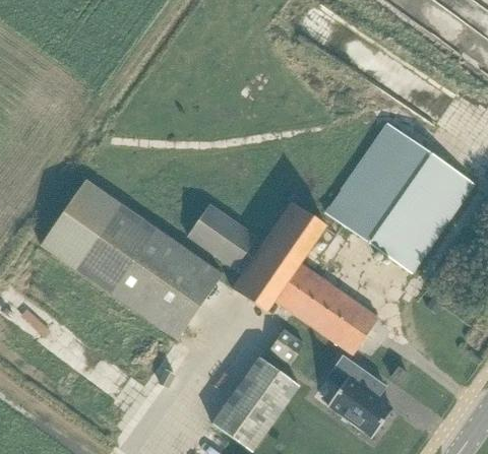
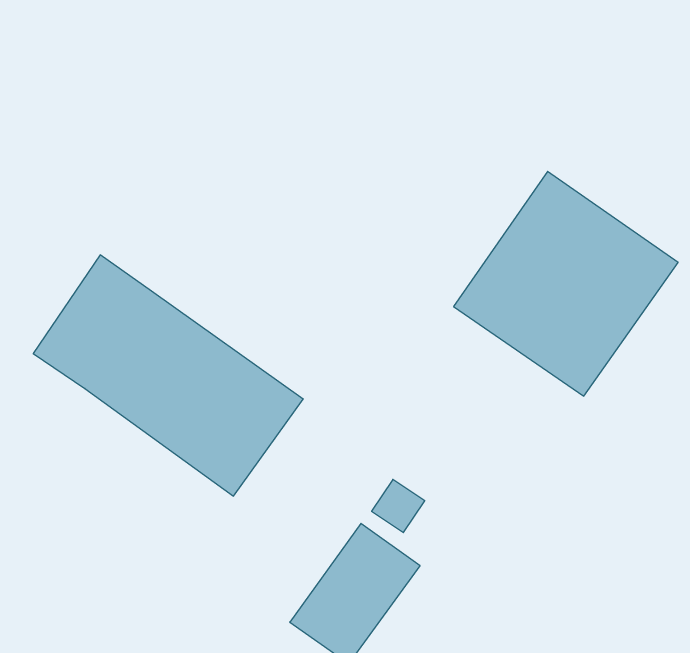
building: [188,202,378,354] -> none
building: [326,354,391,437] -> none

